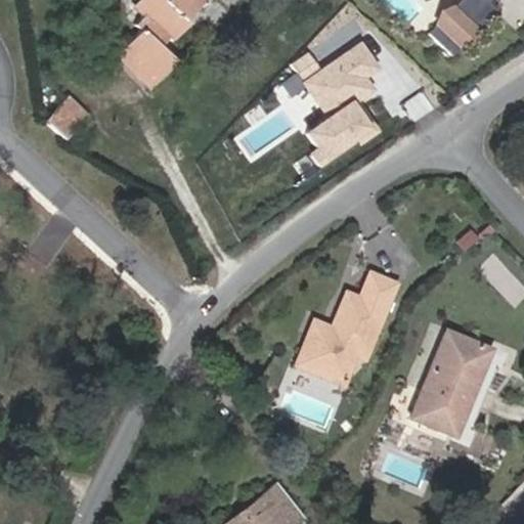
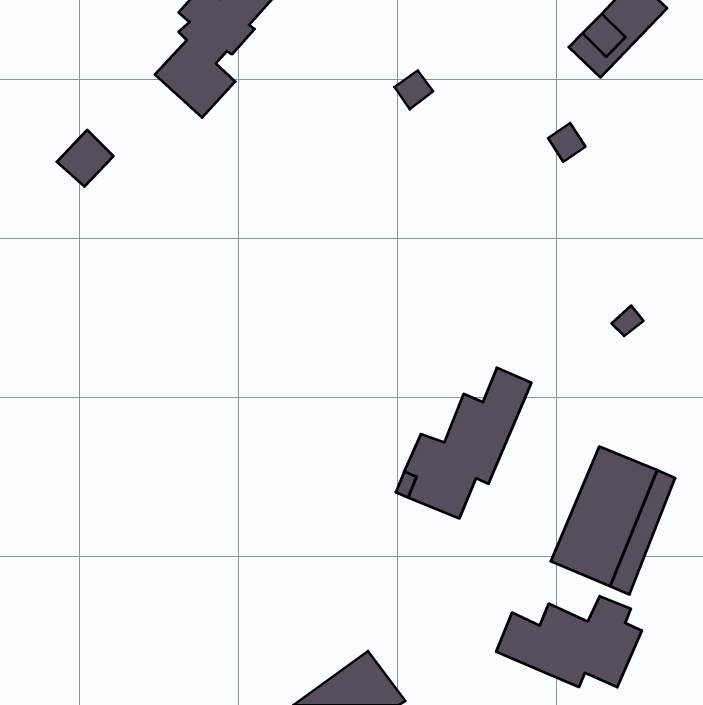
building: [308,44,379,167] -> none
building: none -> [496,596,642,687]

